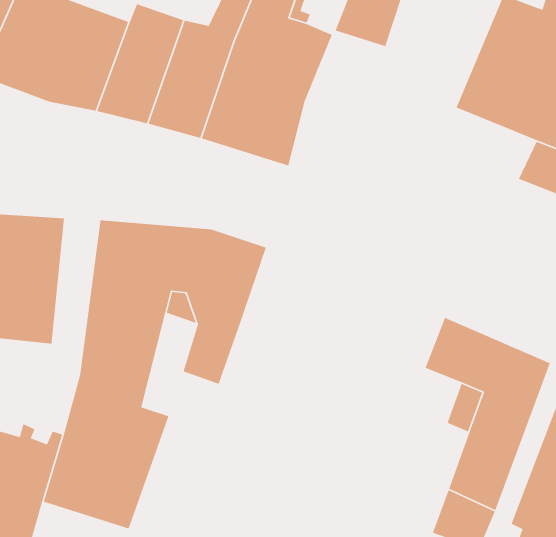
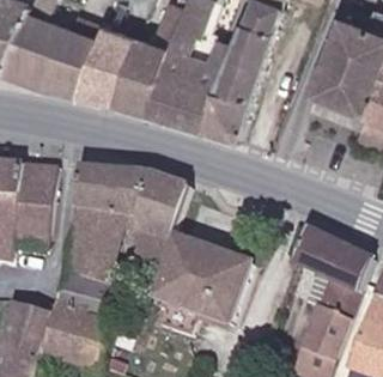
building: none -> [202,42,266,140]
building: none -> [151,232,250,334]

